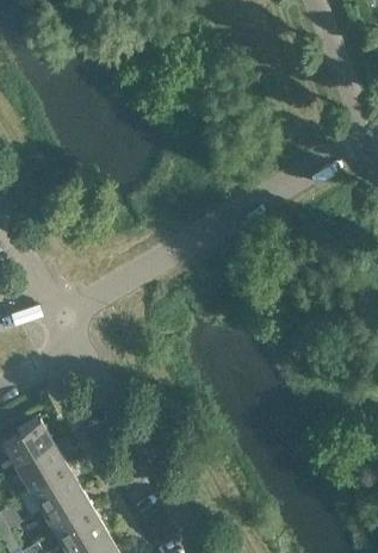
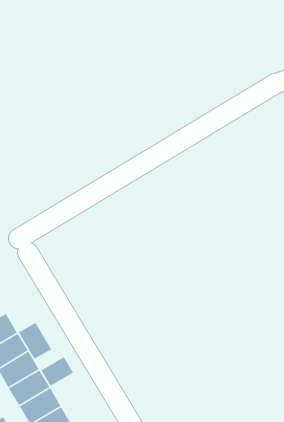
building: none -> [18,322,52,360]
building: none -> [41,356,74,387]

